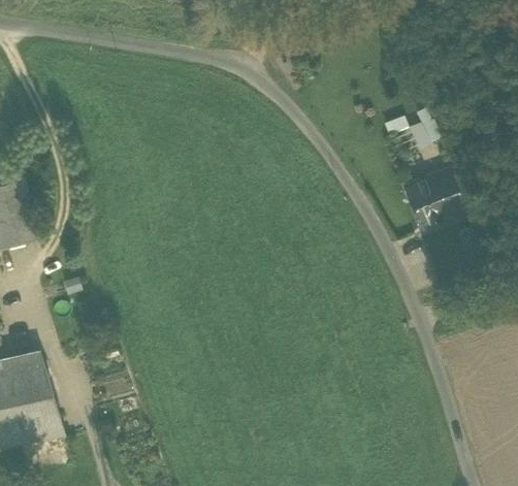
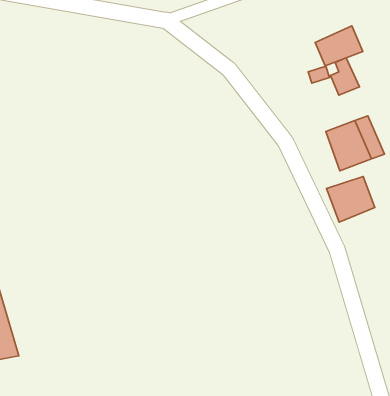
building: none -> [315,26,363,66]
building: none -> [326,177,375,222]

